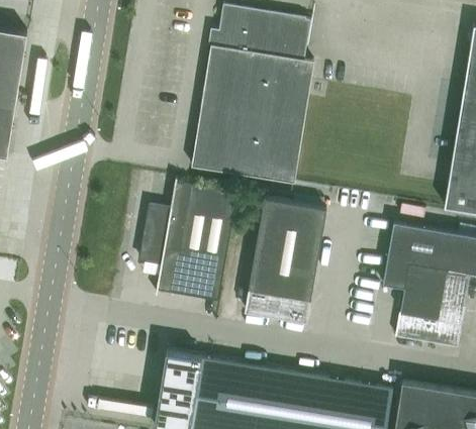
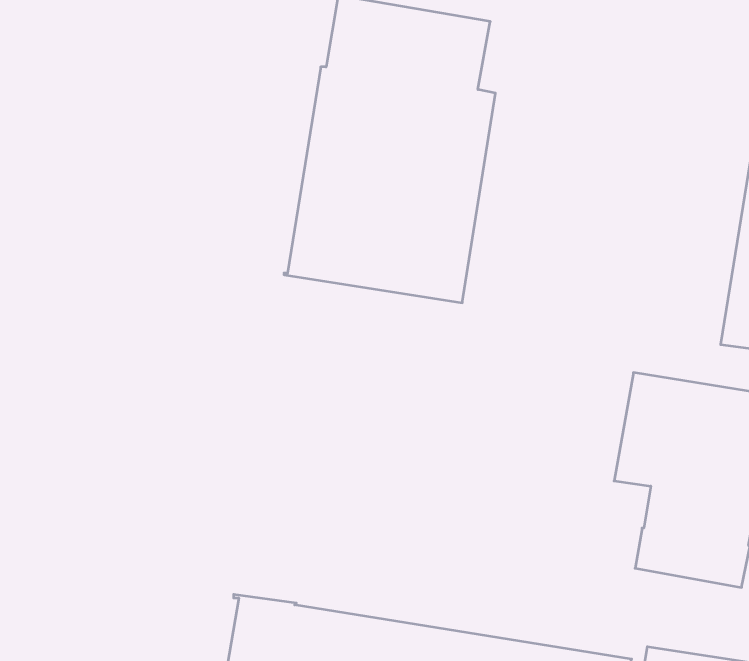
building: [140,180,237,302] -> none
building: [245,200,326,323] -> none

